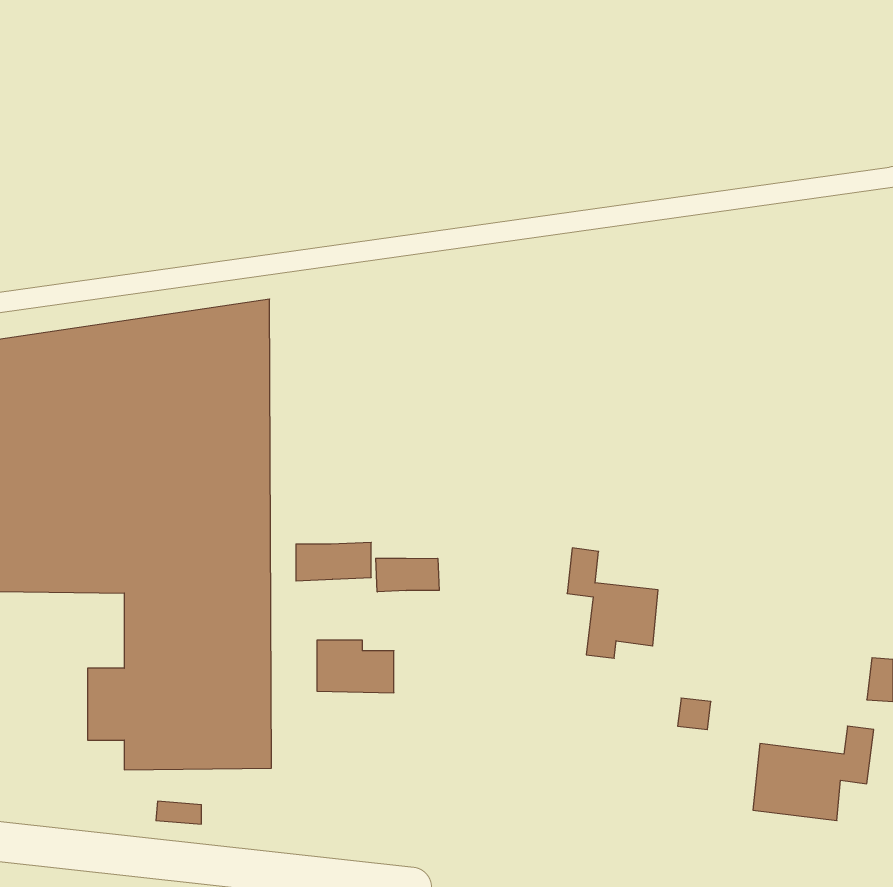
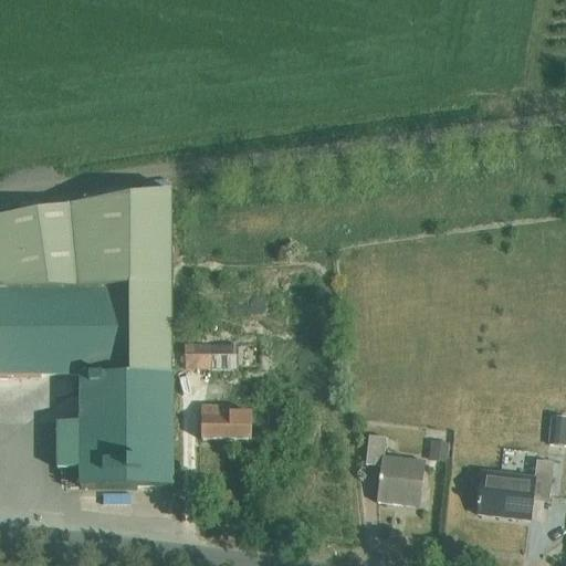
building: [567,548,658,658] -> [367,431,424,501]
building: [376,558,439,592] -> none

